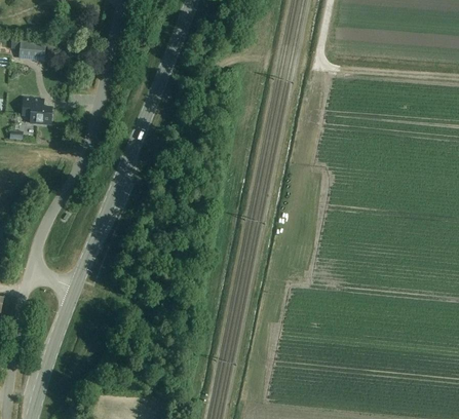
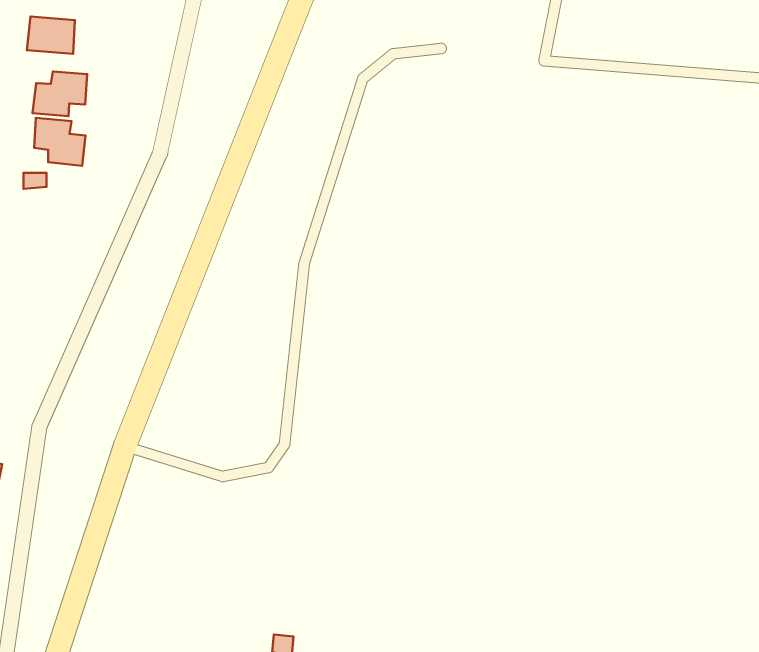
building: none -> [32,72,87,116]

